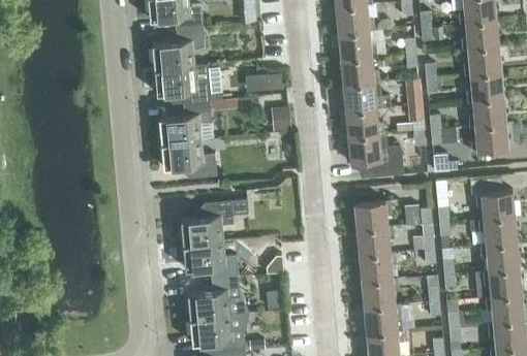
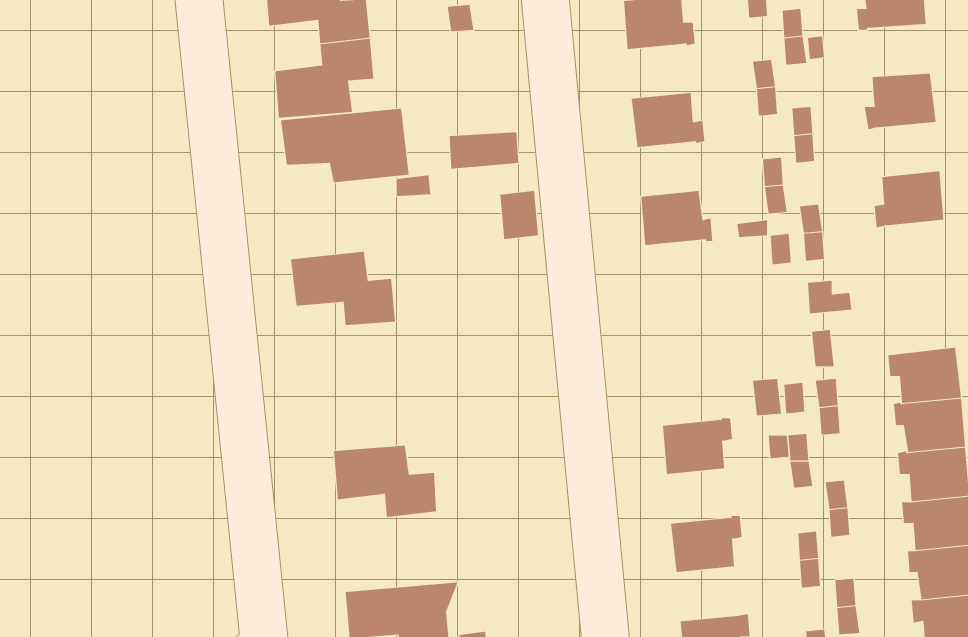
building: [461,20,498,50] -> none
building: [338,30,376,59] -> none
building: [466,71,503,101] -> none
building: [343,82,381,110] -> none
building: [158,101,212,143] -> none
building: [470,123,508,153] -> none
building: [347,133,404,179] -> none
building: [180,199,248,245] -> none
building: [353,201,392,231] -> none
building: [359,253,396,283] -> none
building: [187,277,248,319] -> none
building: [364,304,401,334] -> none

